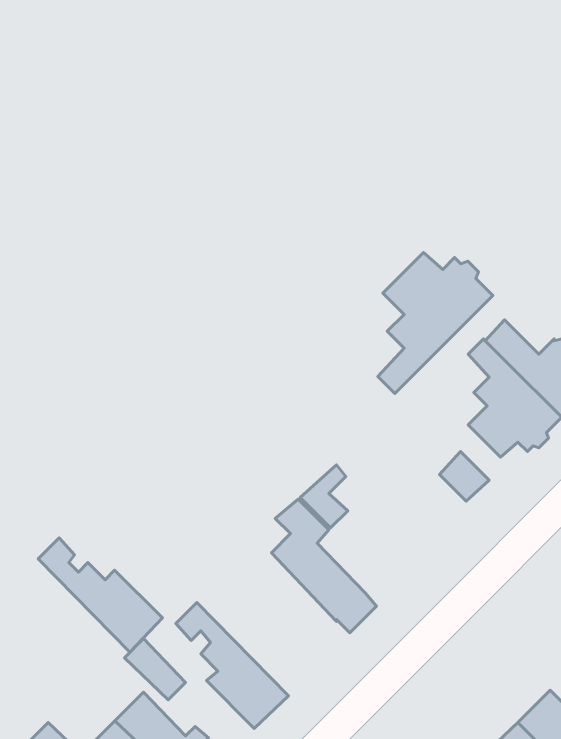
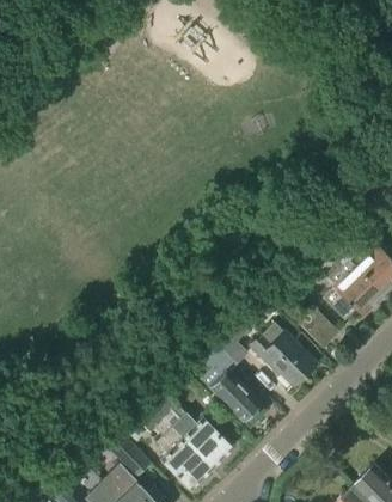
building: [378,253,493,394] -> none
building: none -> [251,322,316,385]
building: [38,538,162,652] -> [154,396,232,467]

